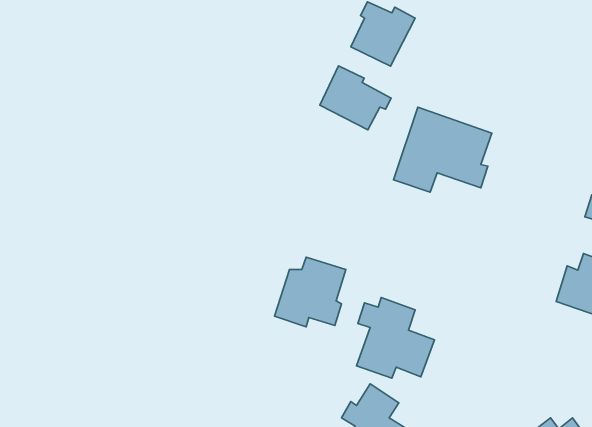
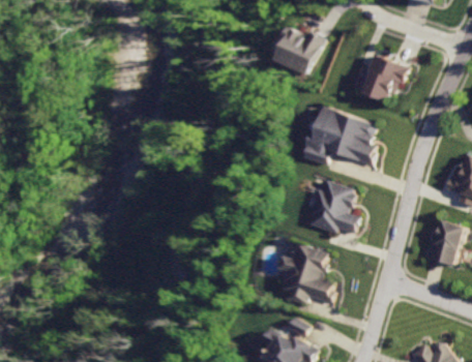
building: none -> [360,54,409,100]
building: [320,66,391,130] -> none
building: [275,257,346,327] -> [303,180,357,233]

